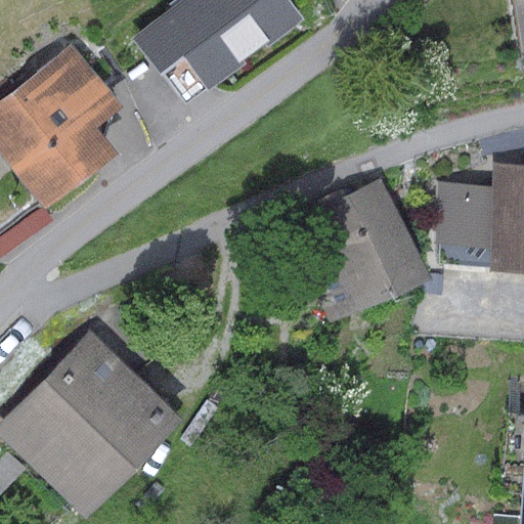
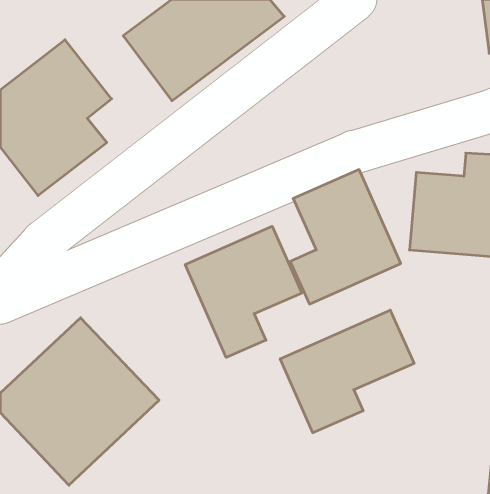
building: none -> [185,226,302,357]
building: none -> [280,310,414,433]

